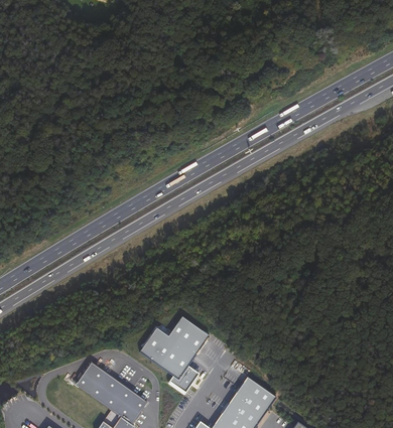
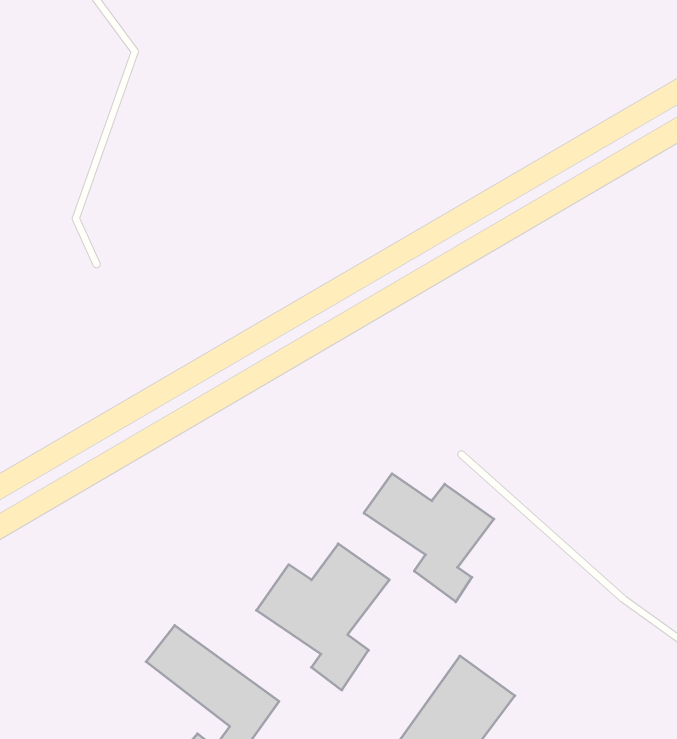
building: none -> [364,474,494,602]

